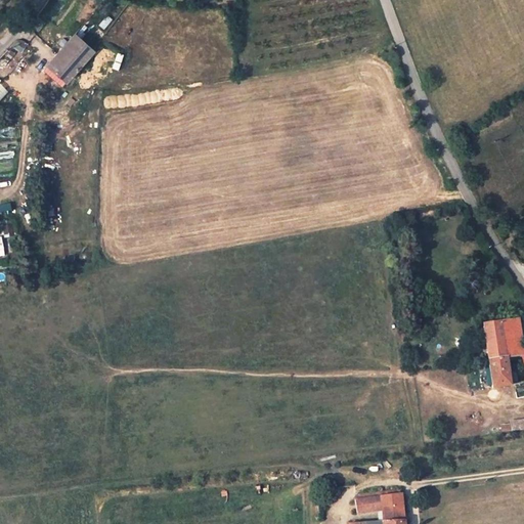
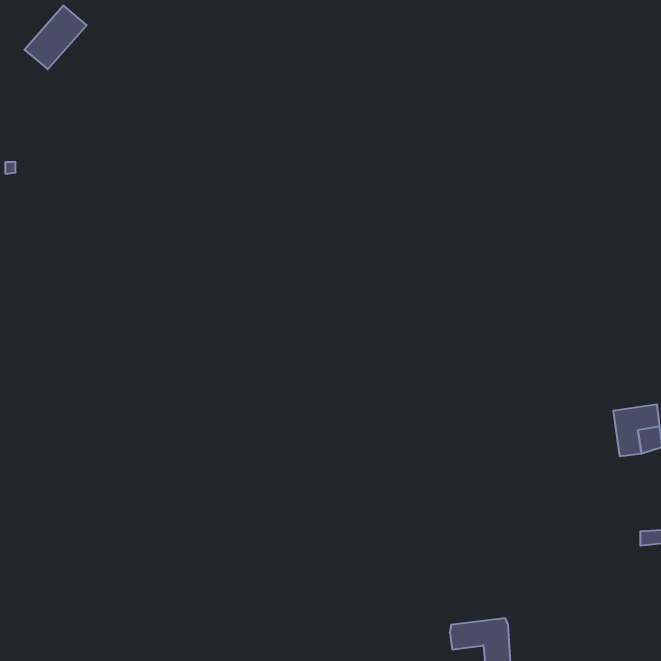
building: [44,38,93,88] -> [24,6,87,69]
building: [490,359,512,388] -> none

